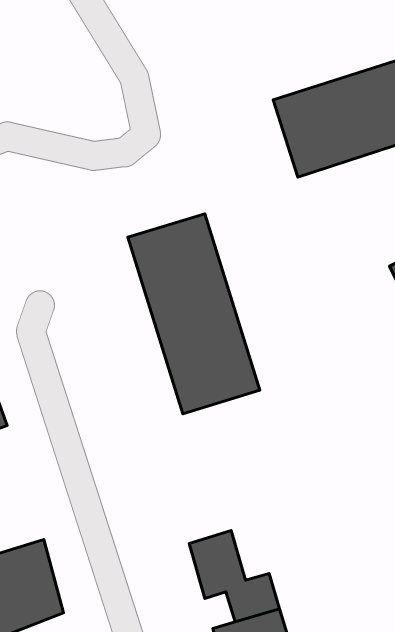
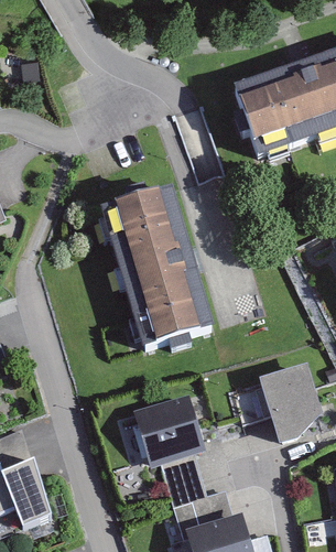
building: none -> [247,368,312,448]
building: none -> [133,400,205,467]

